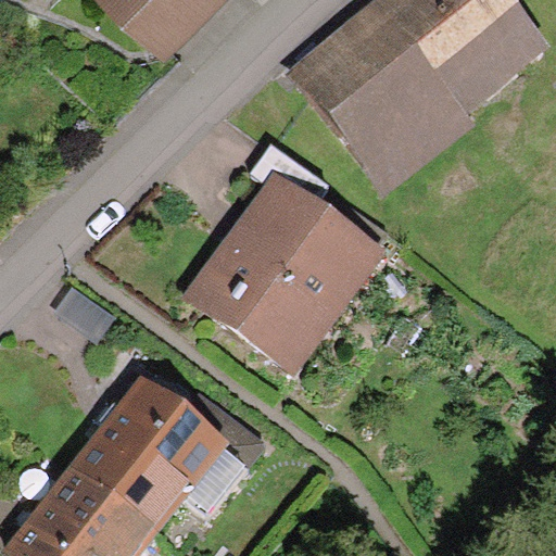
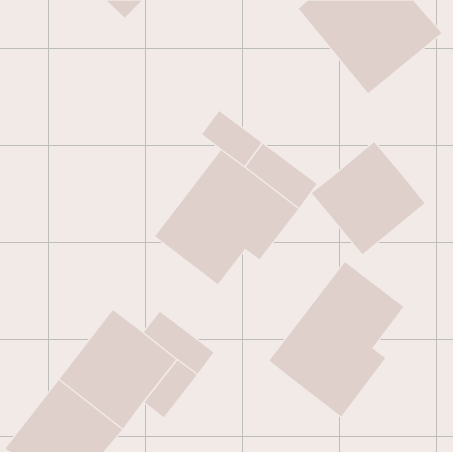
building: [288,13,463,195] -> none
building: none -> [311,141,426,255]
building: none -> [269,261,404,418]

